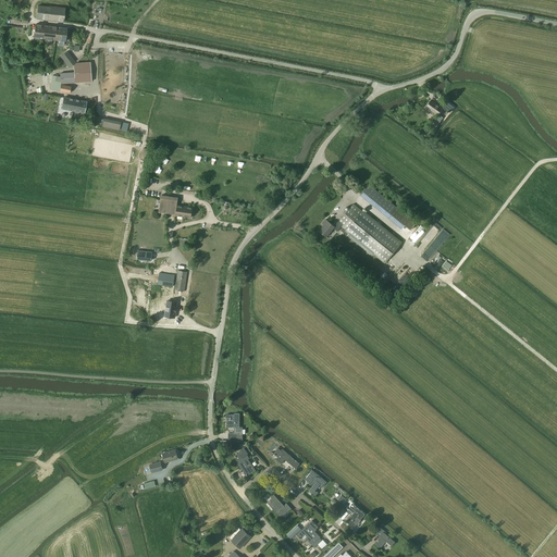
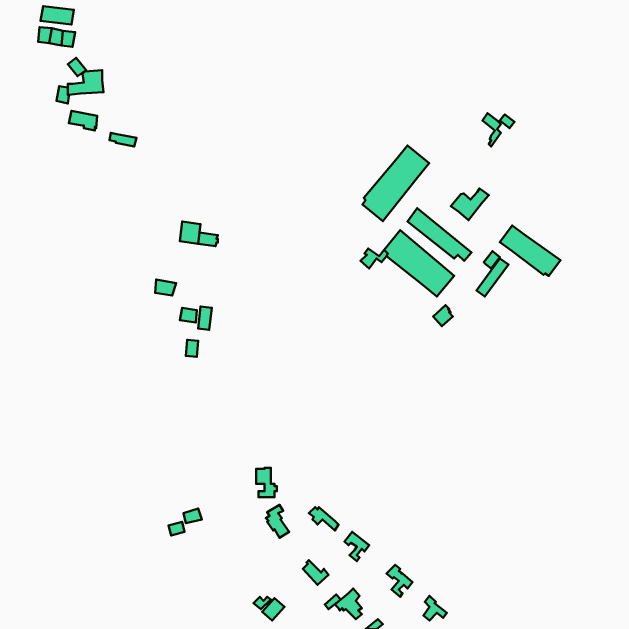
building: none -> [363,145,429,221]
building: none -> [451,189,489,220]
building: none -> [500,225,561,276]

